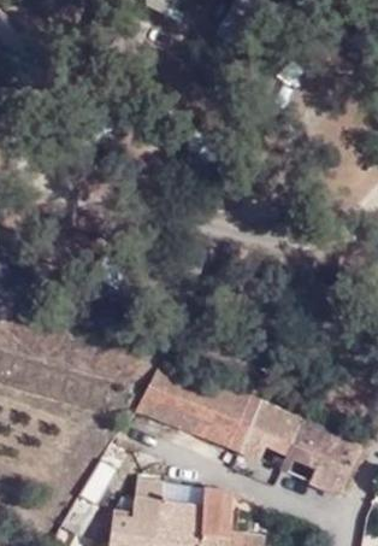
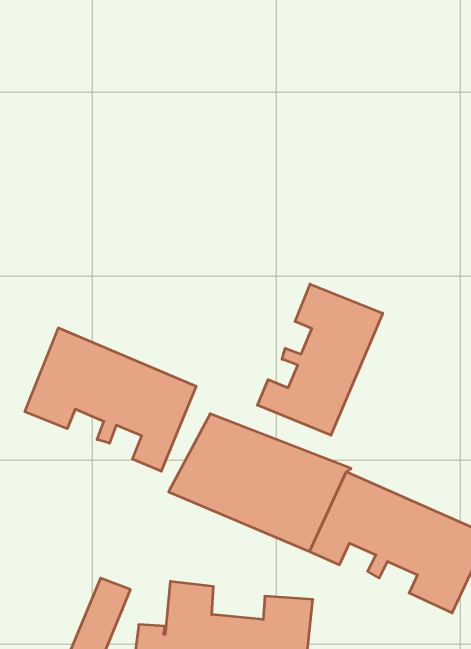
building: none -> [257,284,383,435]
building: none -> [25,328,196,471]

